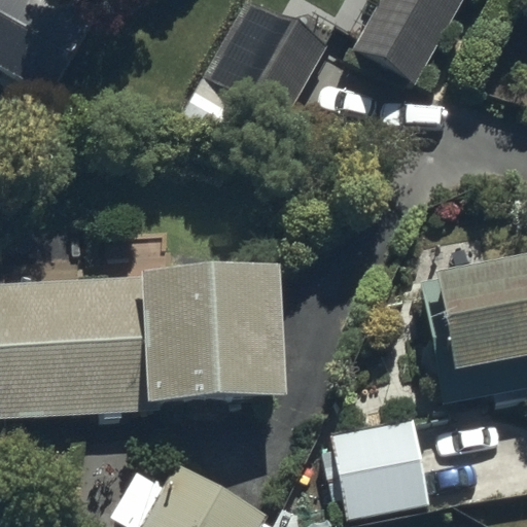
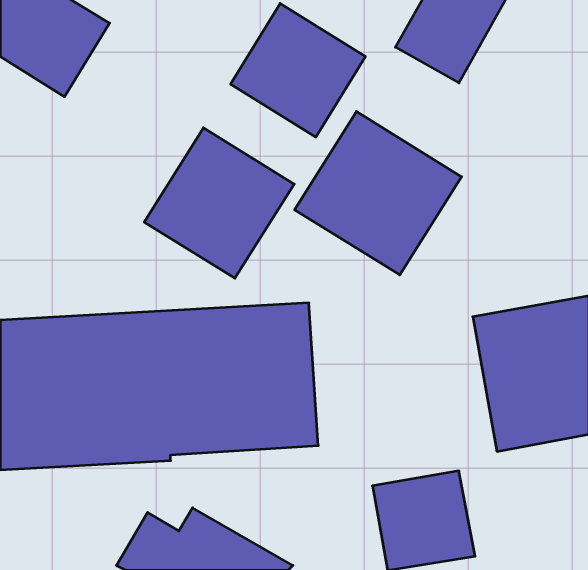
building: none -> [295,111,462,275]
building: none -> [144,128,294,278]

